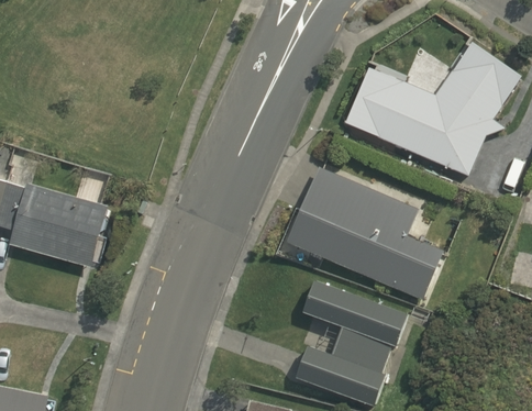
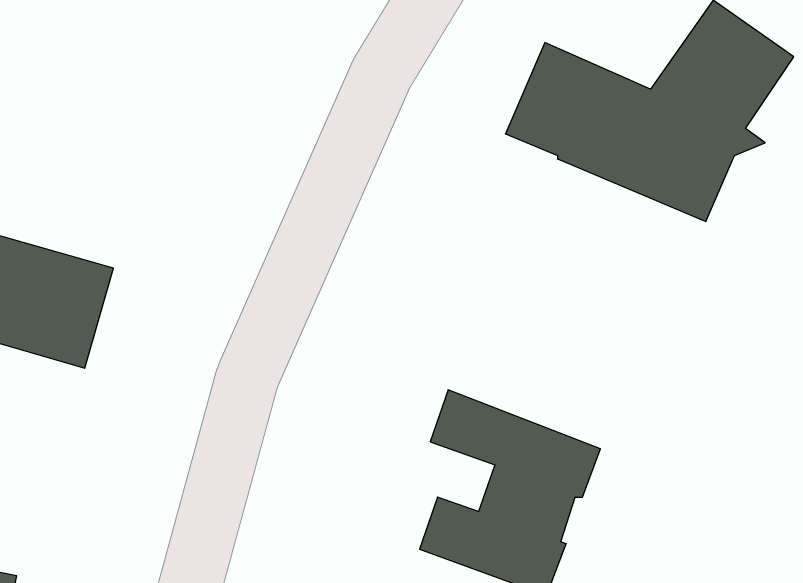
building: [284,167,443,299] -> none

